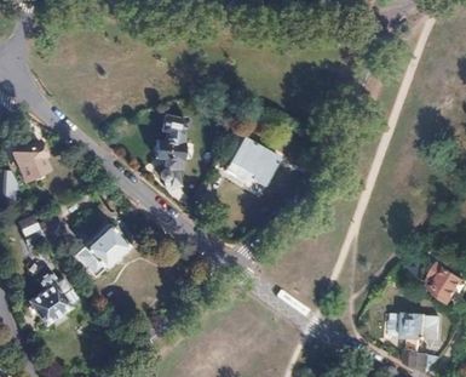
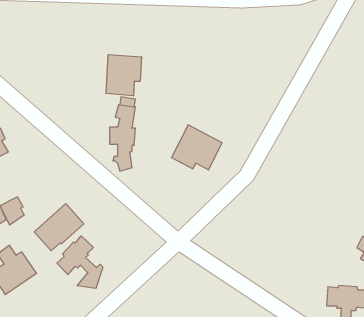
building: none -> [106,55,142,96]
building: none -> [57,236,103,288]

